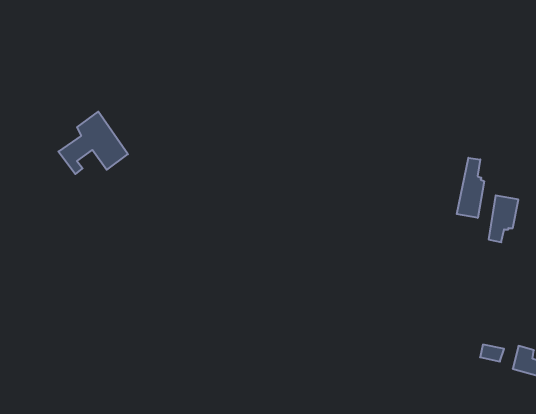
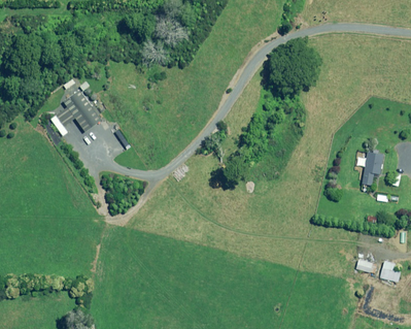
building: [457,158,484,218] -> none

